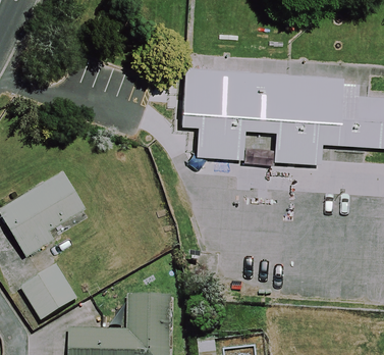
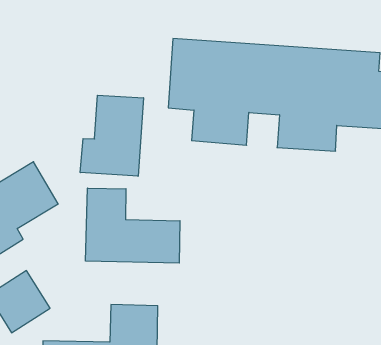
building: none -> [80,95,143,176]
building: none -> [86,188,180,263]

